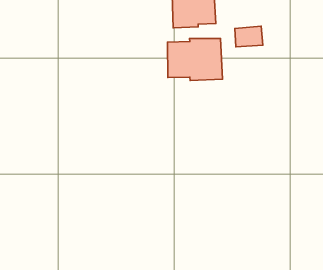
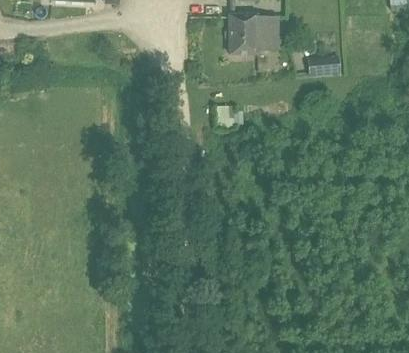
building: [168,38,222,80] -> none

